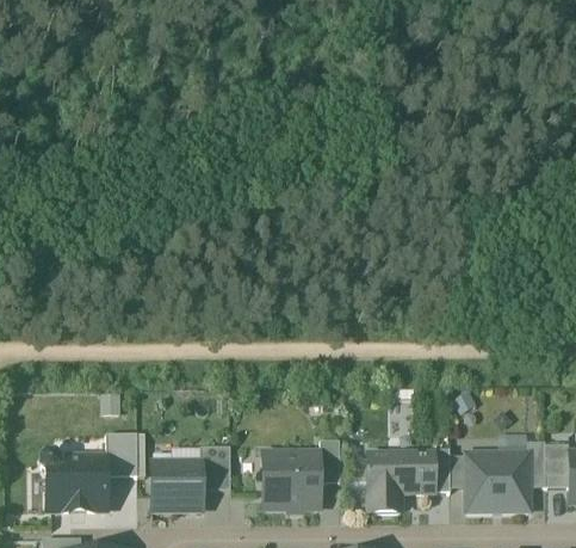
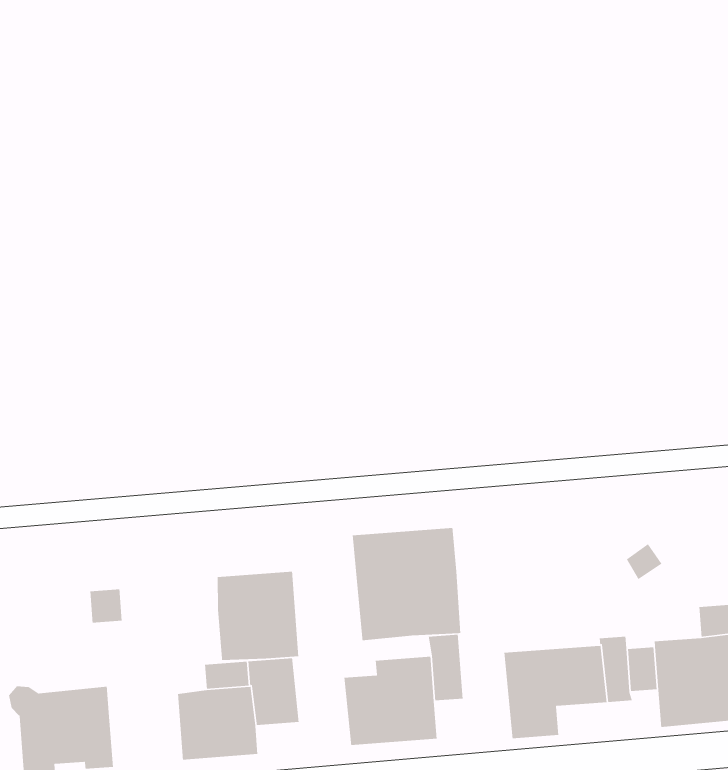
building: none -> [352,527,461,641]
building: none -> [217,571,299,661]
building: [106,433,137,476] -> none

